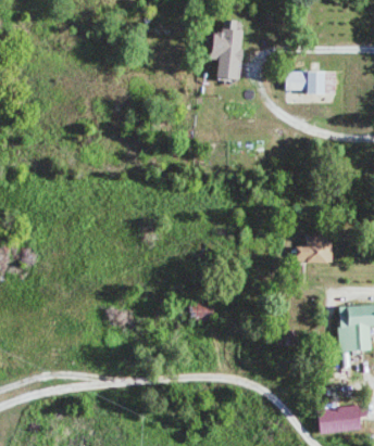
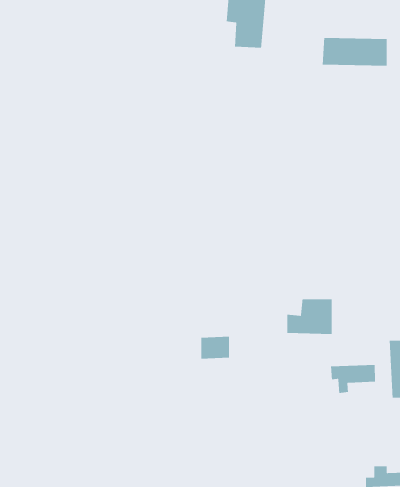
building: [295,235,331,264] -> [286,298,332,335]
building: none -> [330,364,376,394]

